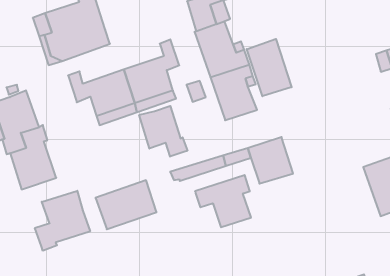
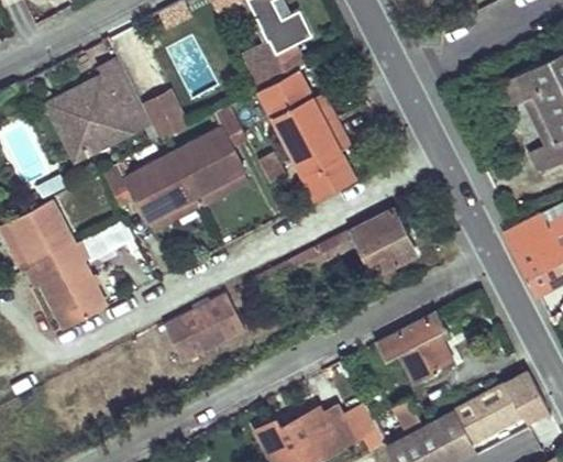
building: none -> [143,90,190,141]
building: [247,39,292,96] -> none
building: [139,106,187,157] -> none
building: [195,175,251,227] -> [375,310,453,383]
building: [35,191,90,251] -> none

